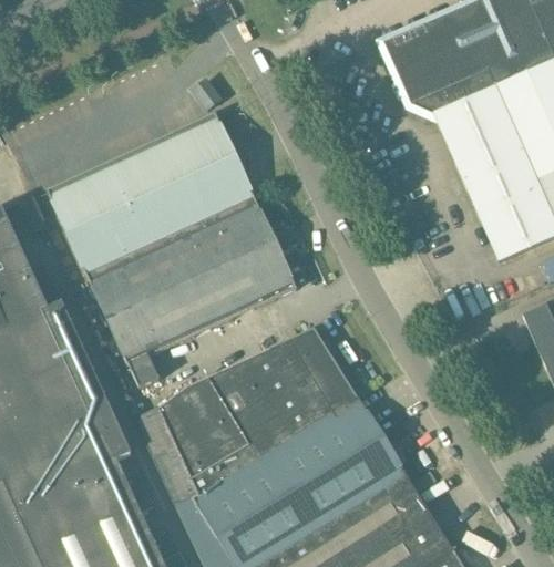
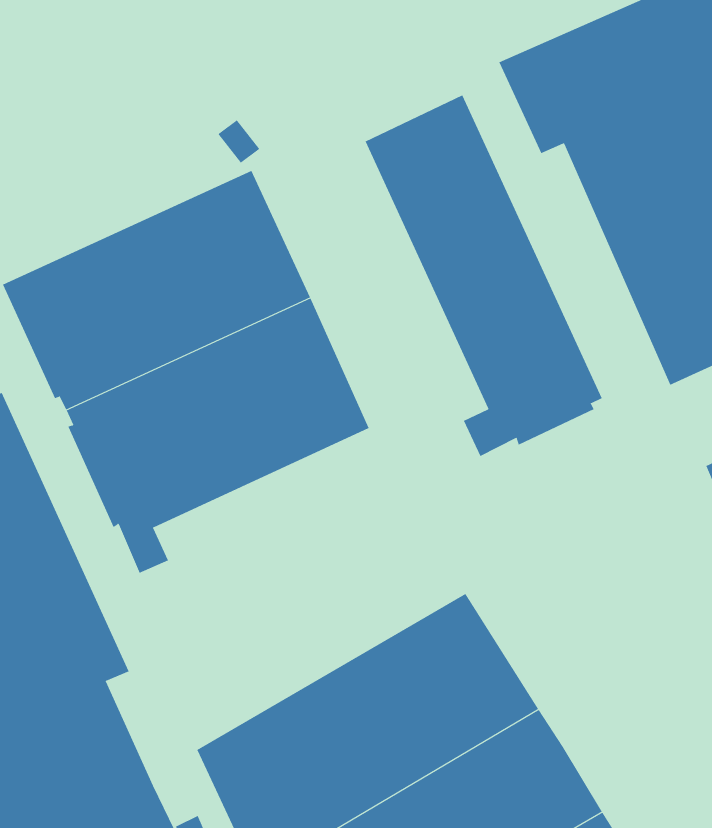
building: none -> [365,94,602,457]
building: [136,331,361,509] -> none

